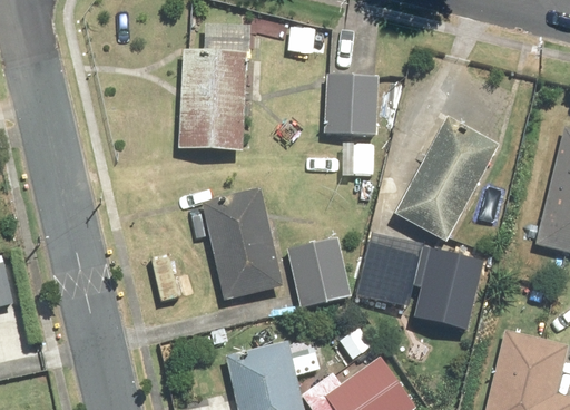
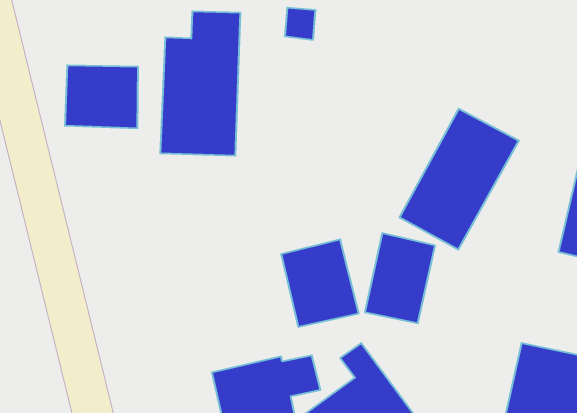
building: [323,72,379,138] -> none
building: none -> [65,65,138,128]
building: [200,191,283,304] -> none
building: [424,248,488,324] -> none

